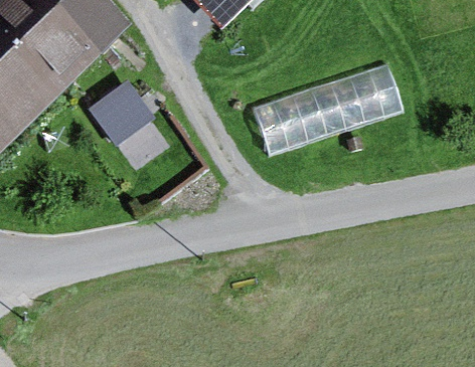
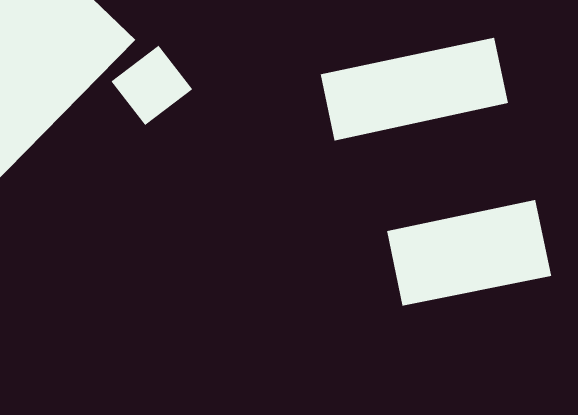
building: none -> [386,199,552,306]

